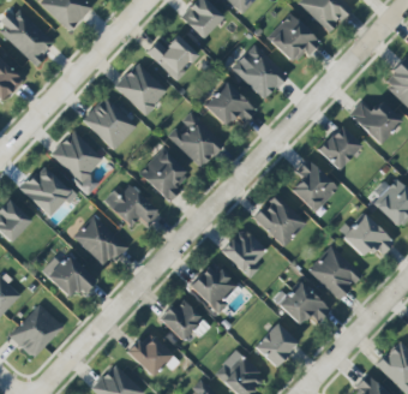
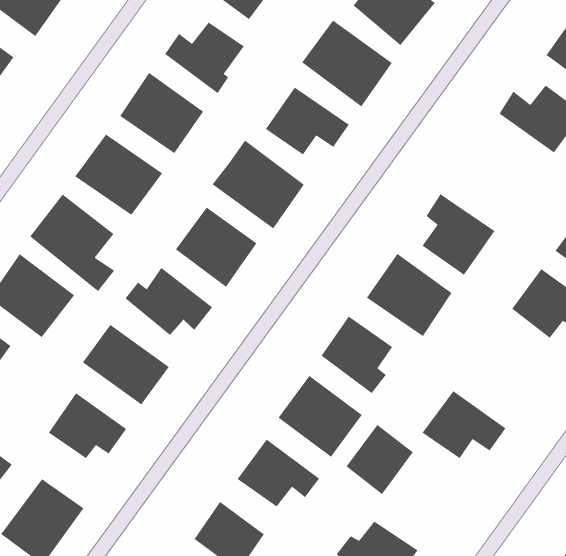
building: [317,125,361,169] -> none
building: [308,245,362,299] -> none
building: [254,322,298,366] -> [346,424,414,495]

